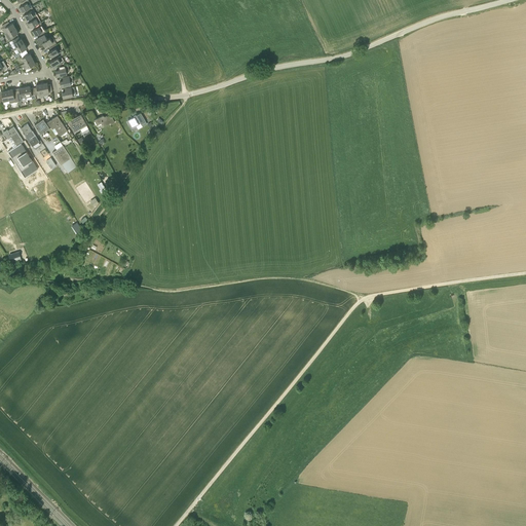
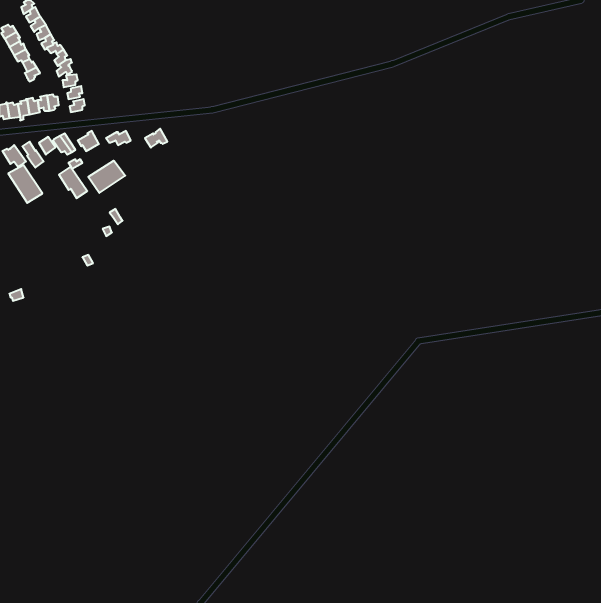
building: none -> [88,161,125,193]

